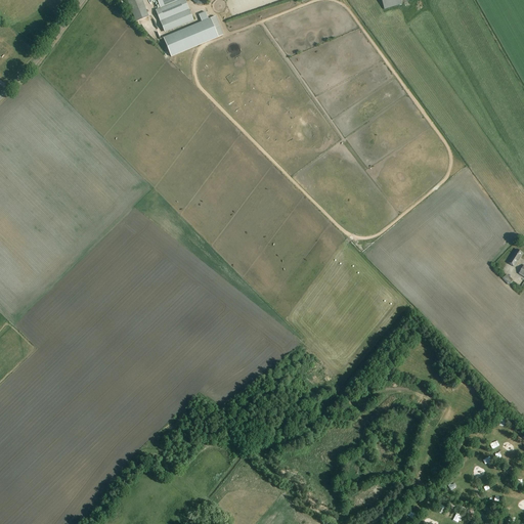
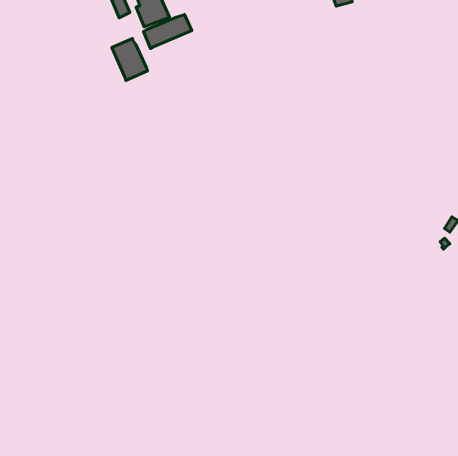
building: none -> [112,39,148,80]

